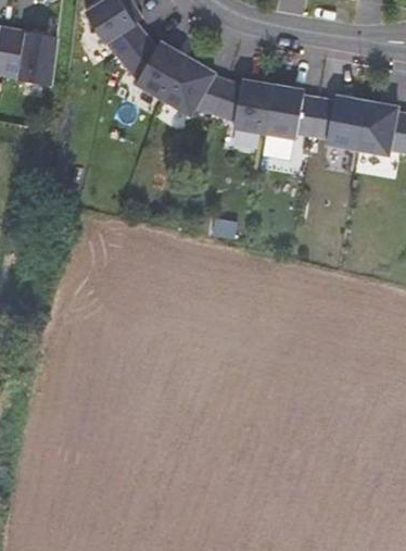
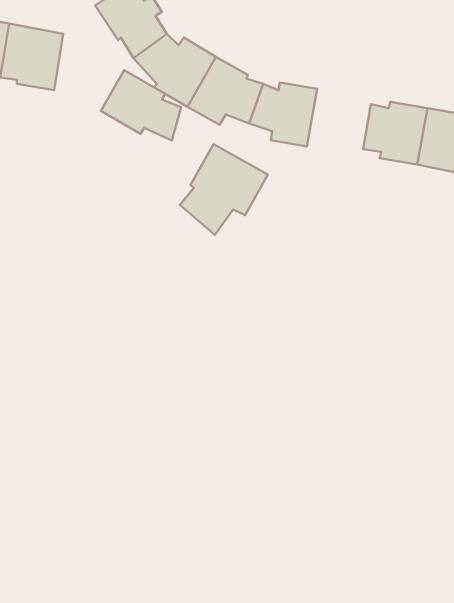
building: none -> [101,70,181,140]
building: [264,84,318,137] -> none
building: none -> [180,144,268,235]

